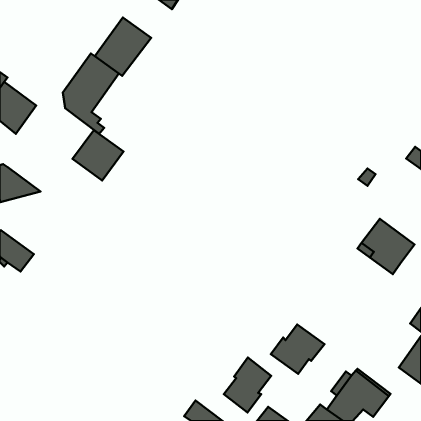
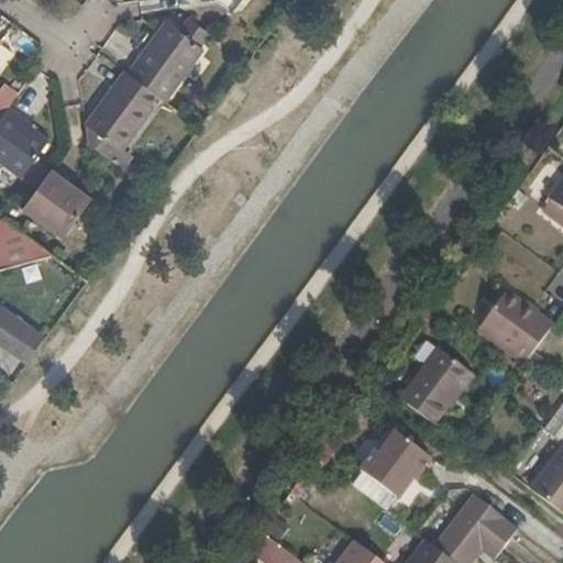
building: [72,130,124,180] -> [22,169,90,236]
building: none -> [400,350,472,424]
building: [224,357,271,412] -> none

